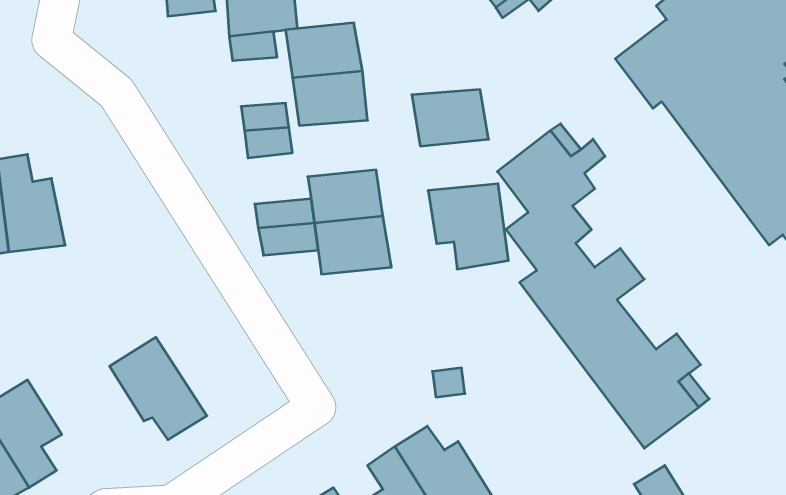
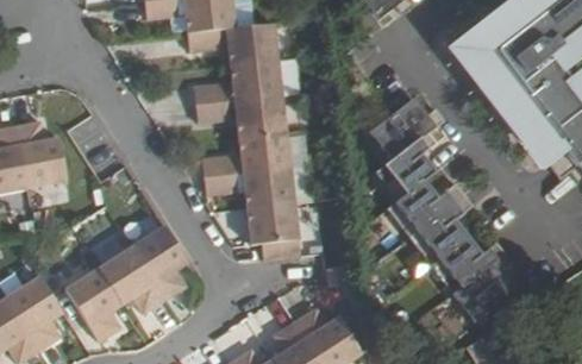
building: [412,90,489,146] -> [232,93,286,132]
building: [428,184,508,269] -> [248,195,303,255]
building: none -> [132,226,184,299]
building: none -> [61,264,124,345]

